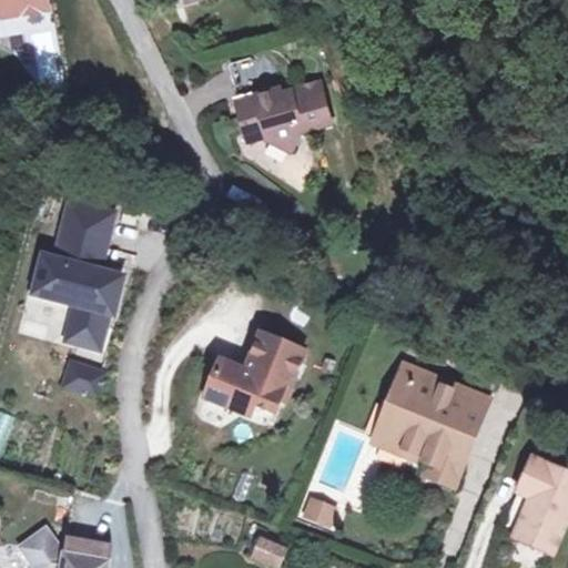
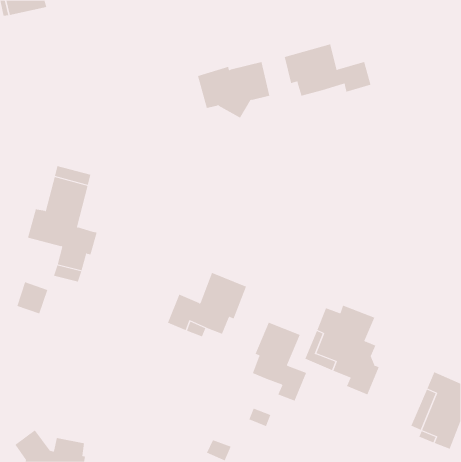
building: none -> [284,43,371,96]
building: [61,359,100,399] -> [16,282,48,314]
building: [448,389,487,450] -> none
building: none -> [252,322,307,402]

